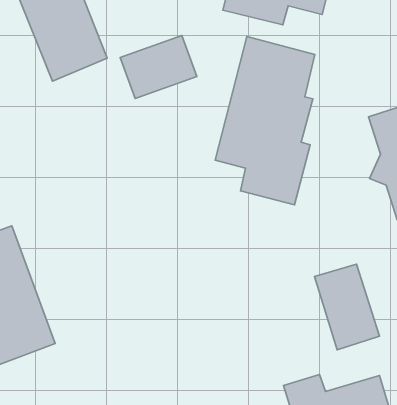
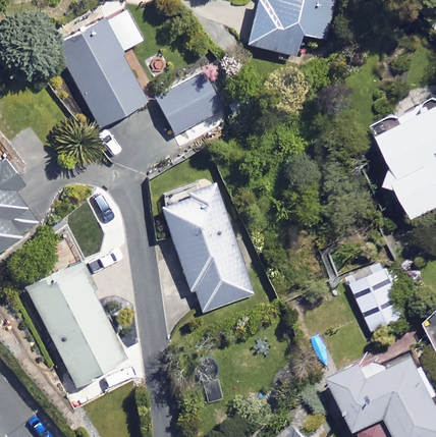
building: [215,37,315,205] -> none
building: none -> [162,180,256,316]

